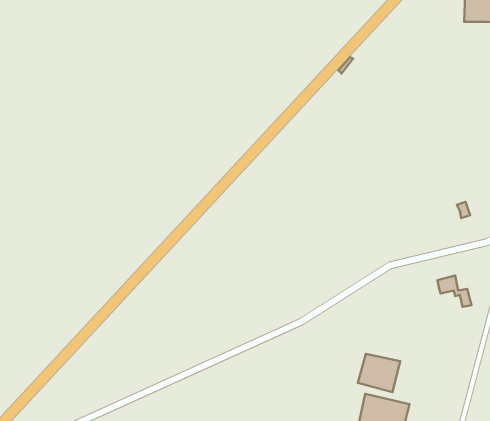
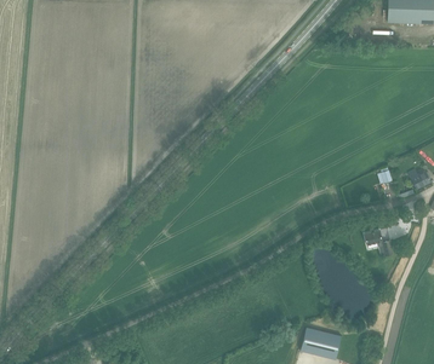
building: [358,354,400,392] -> none

